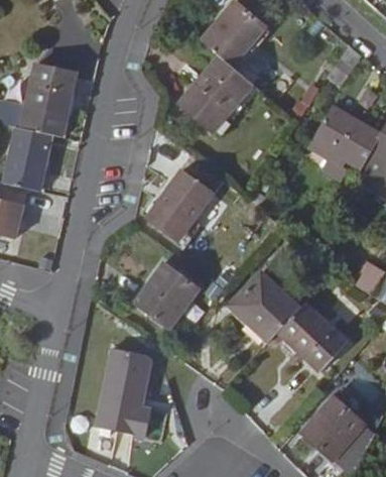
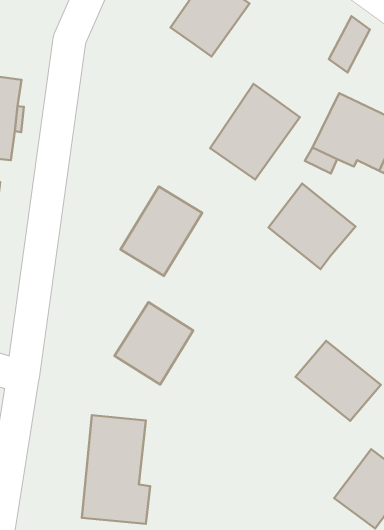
building: [178,54,253,132] -> [210,84,300,179]
building: [230,271,300,342] -> [268,184,356,269]

